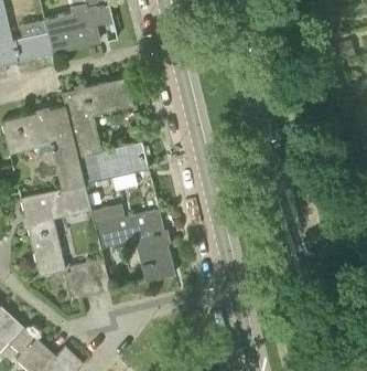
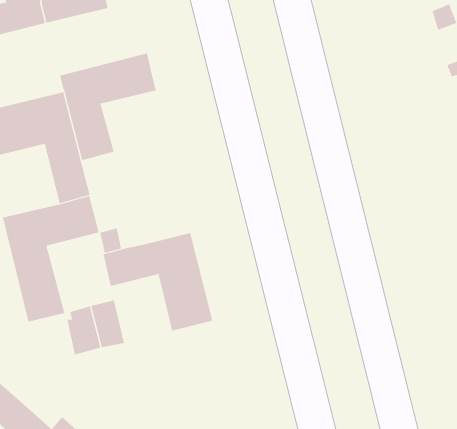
building: [78,140,149,184] -> none

